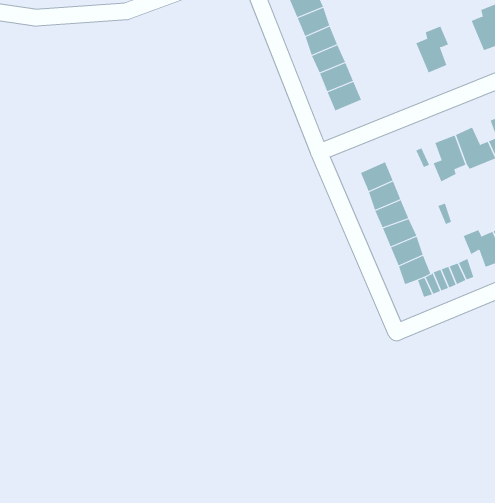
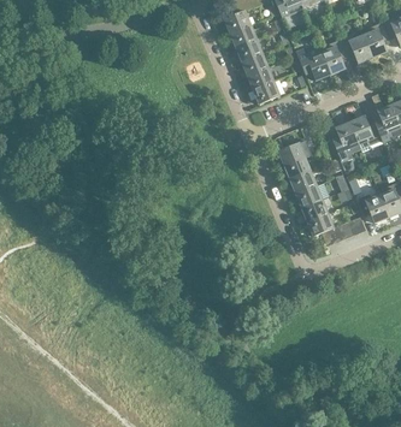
building: none -> [340,34,372,63]
building: none -> [297,51,330,81]

